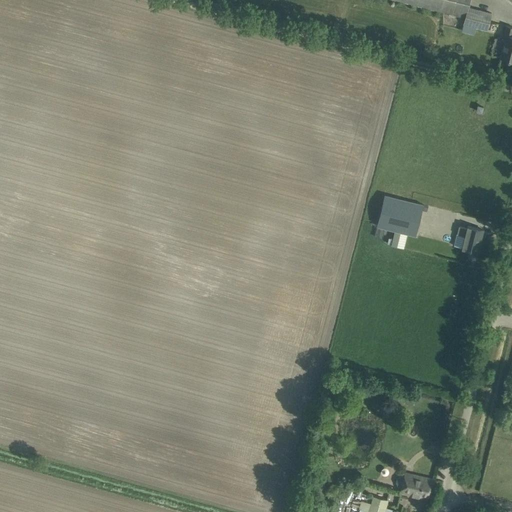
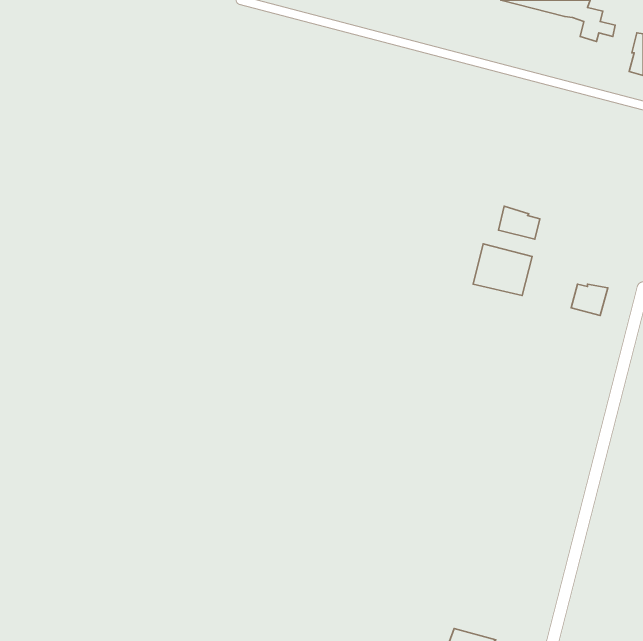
building: none -> [499,206,540,239]
building: [396,474,433,499] -> none

